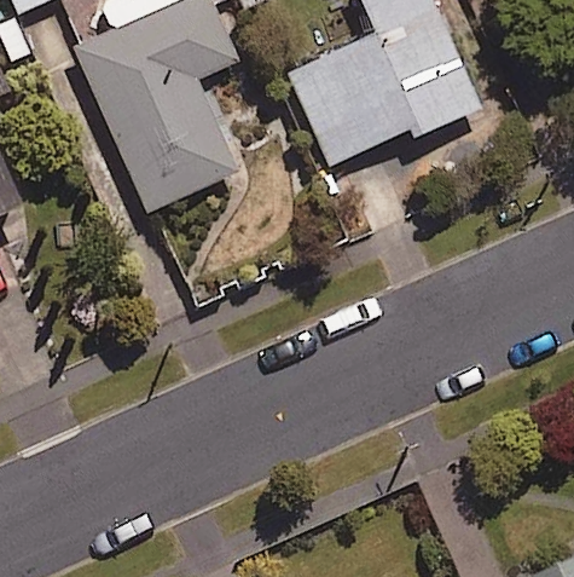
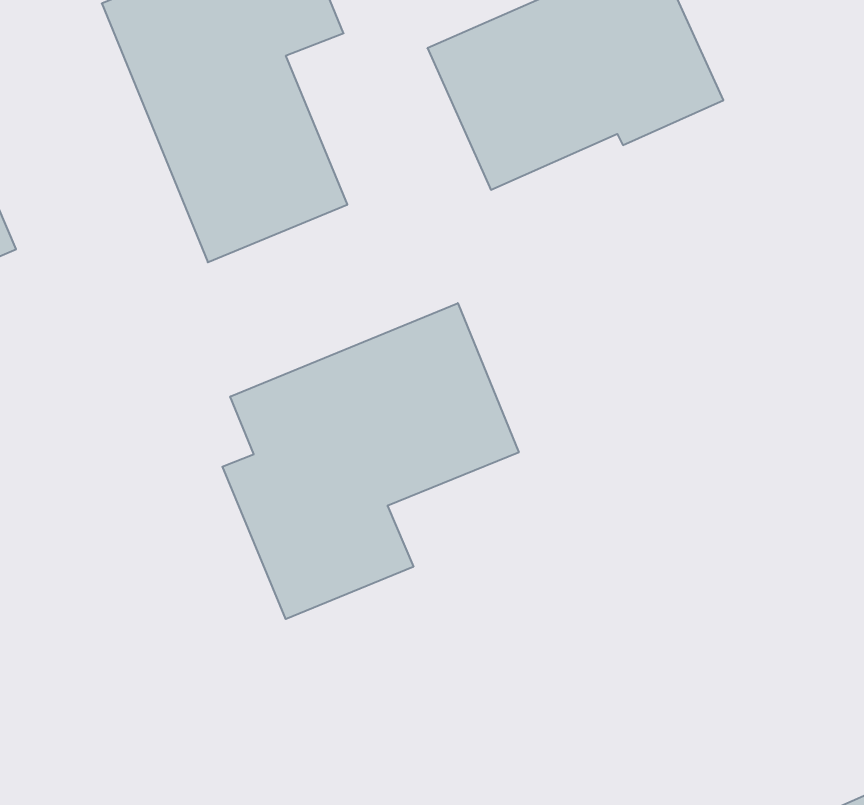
building: none -> [222,303,519,619]

